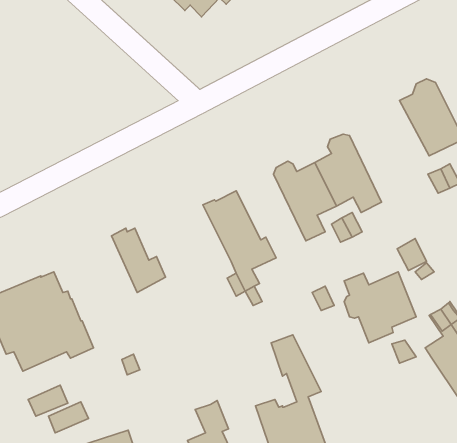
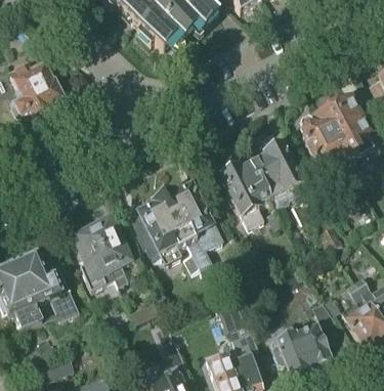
building: none -> [10,63,65,121]
building: none -> [302,114,345,175]
building: none -> [131,197,187,263]
building: none -> [75,221,113,287]
building: [344,272,416,343] -> [273,324,331,381]

